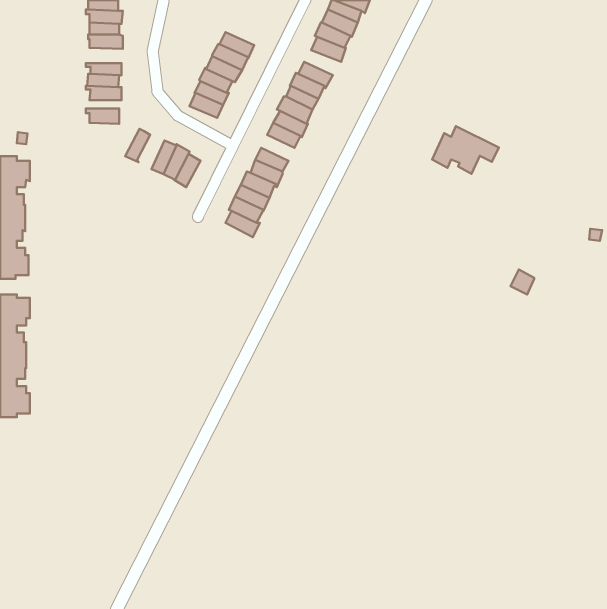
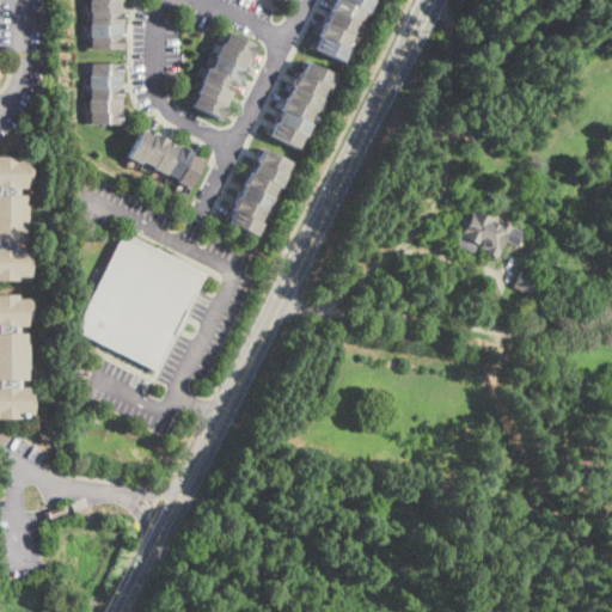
building: [432,126,499,174] -> [459,210,526,258]
building: none -> [140,133,169,167]
building: none -> [75,232,207,372]

